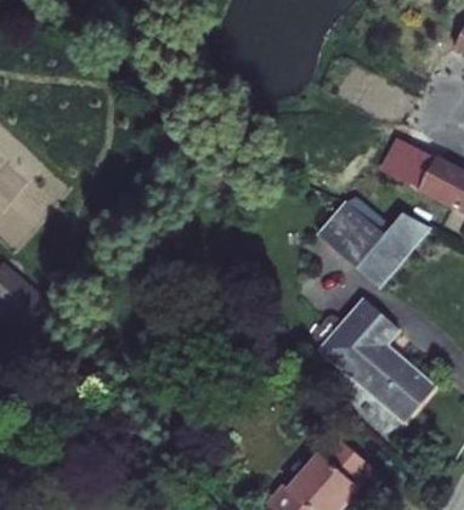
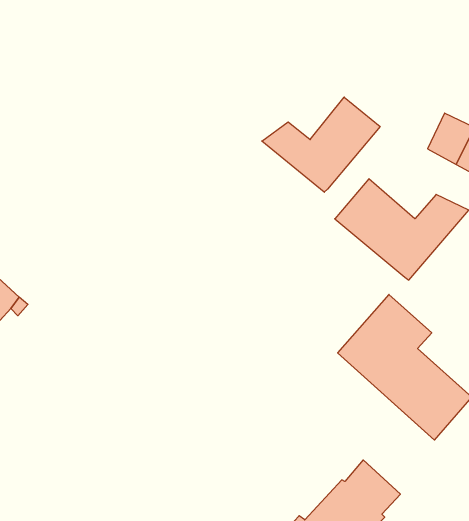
building: none -> [262,97,380,192]

